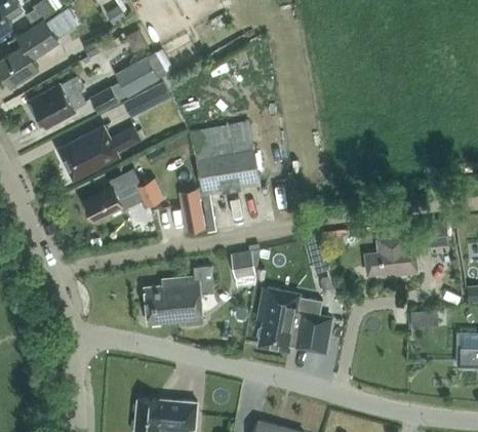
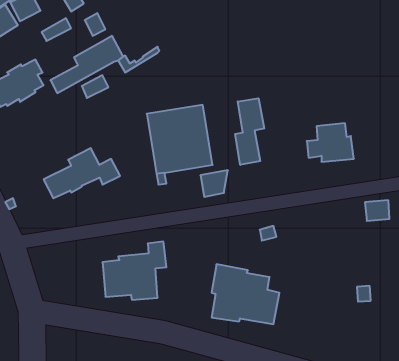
building: none -> [235,98,264,165]
building: [59,126,140,178] -> none
building: [182,202,205,233] -> none
building: [366,236,415,276] -> [307,123,354,162]
building: [230,249,258,277] -> [200,170,228,197]

